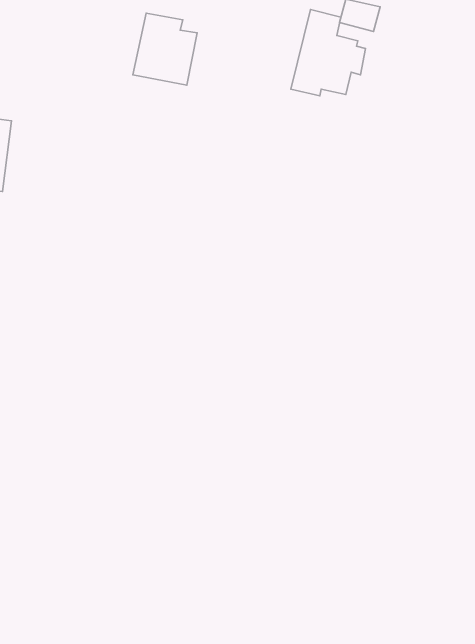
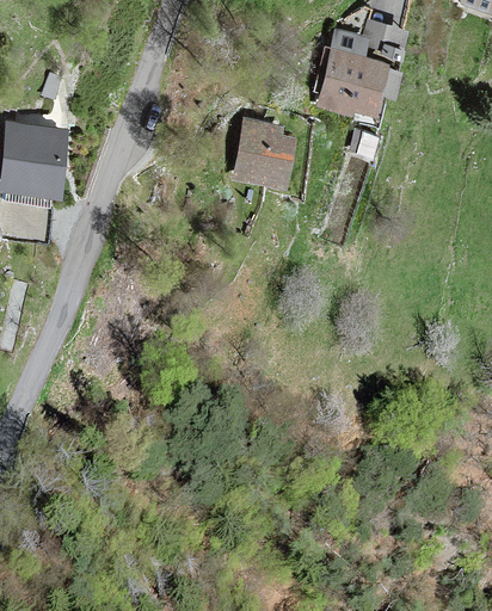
building: [133,13,197,85] -> [234,122,293,187]

